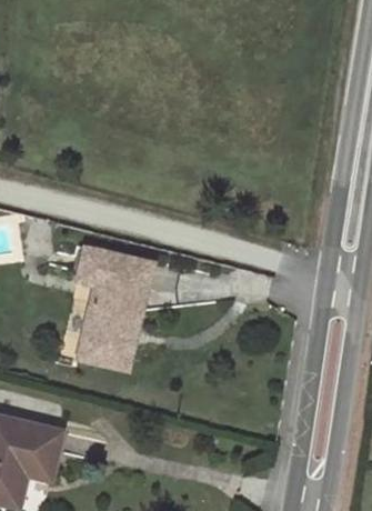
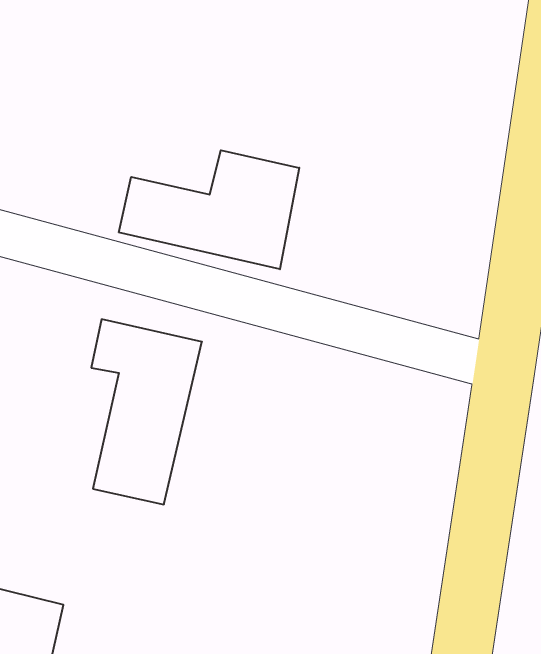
building: none -> [119,150,299,269]

